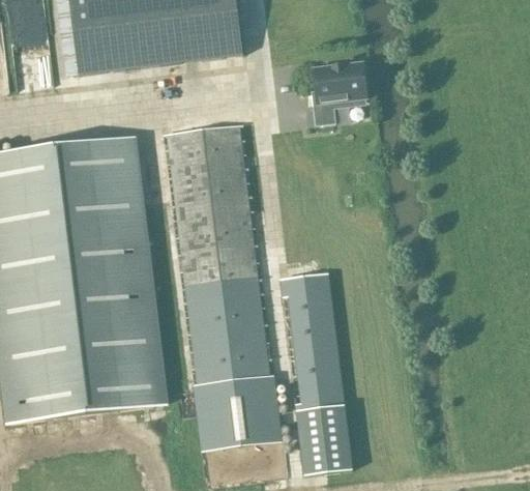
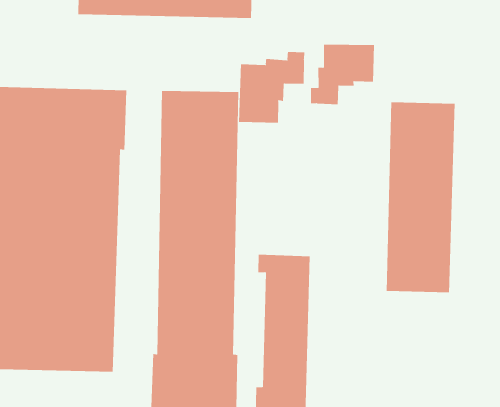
building: none -> [239,51,305,124]
building: none -> [386,102,455,293]

